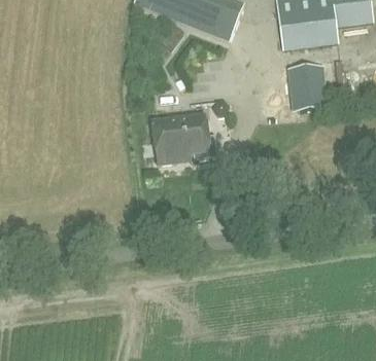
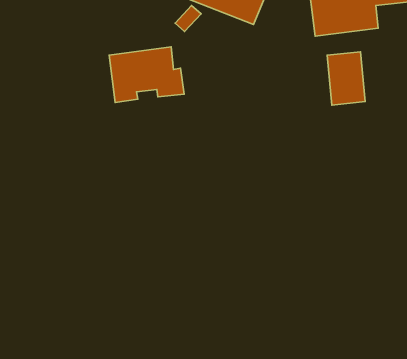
building: [150,114,215,163] -> [109,47,184,103]

